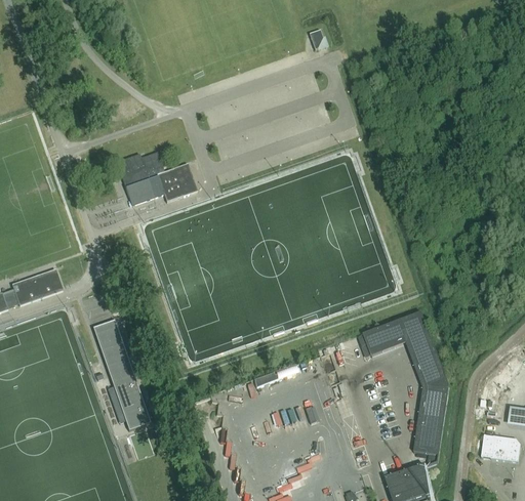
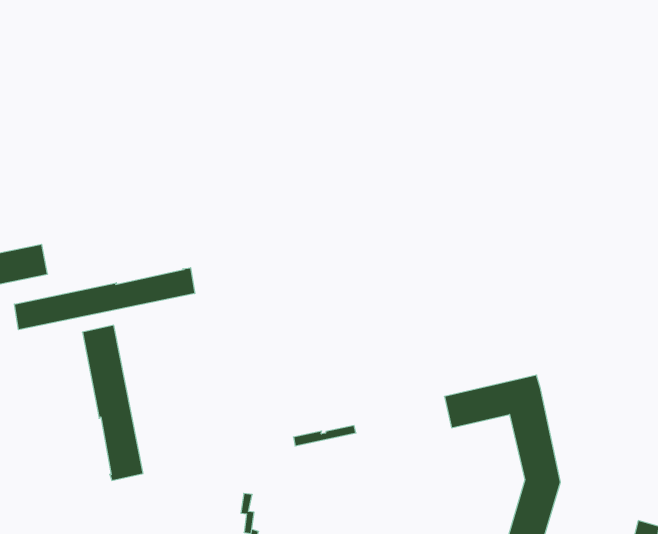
building: [116,151,197,204] -> none
building: none -> [14,268,195,330]

